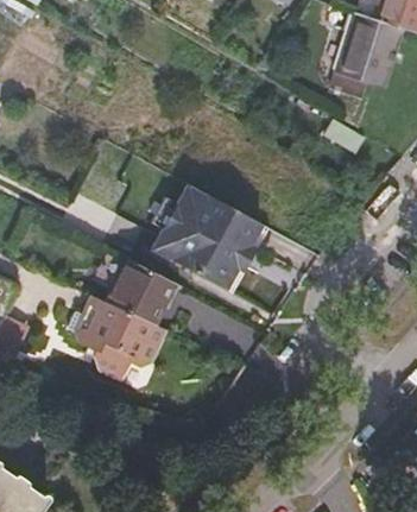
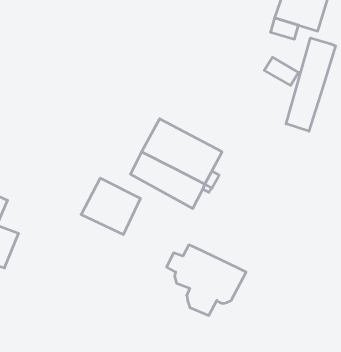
building: none -> [286,38,336,131]
building: [70,298,164,381] -> [167,245,246,315]

